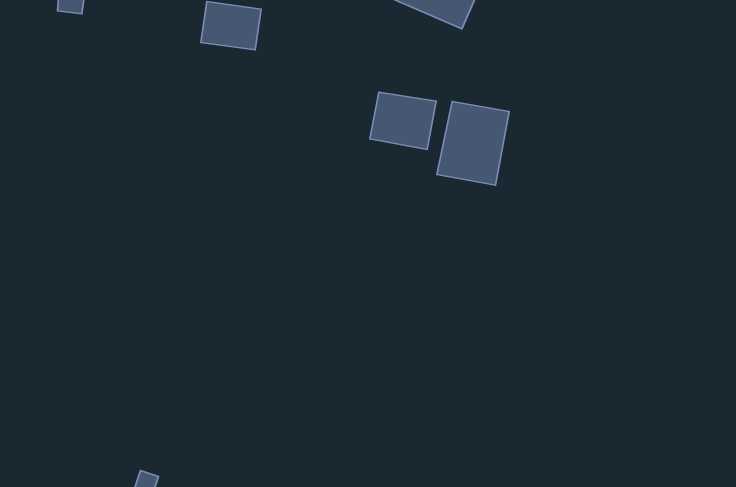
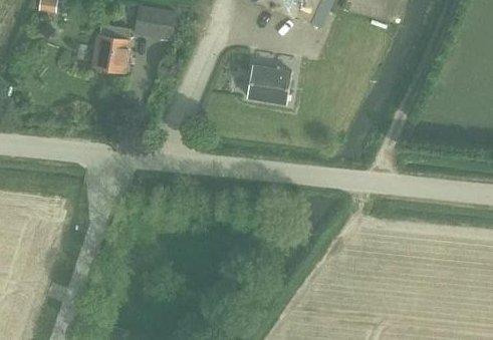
building: none -> [92,25,131,72]
building: [437,101,509,185] -> none

